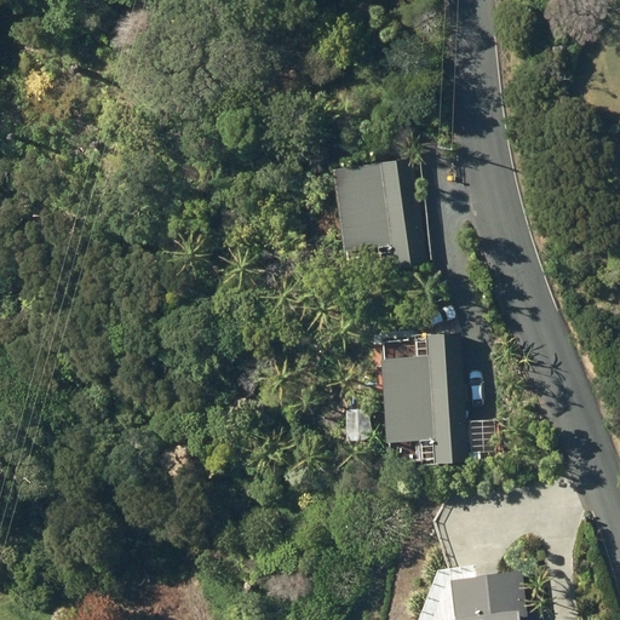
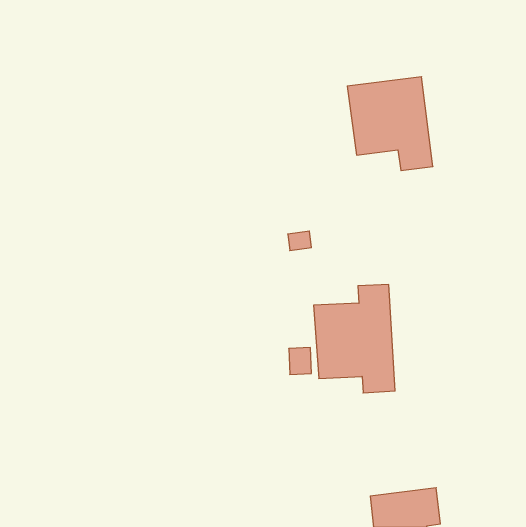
building: [321,159,421,269] -> [347,77,433,171]

